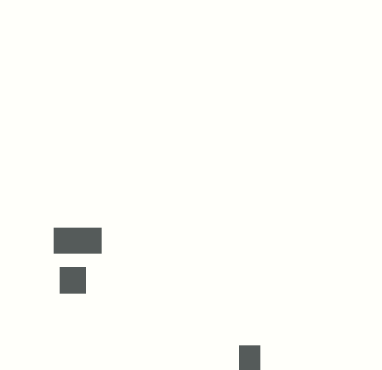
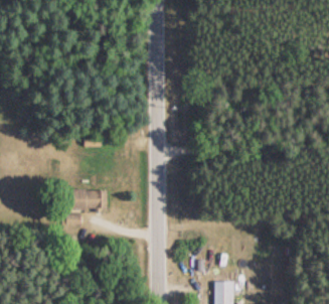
building: [59,266,87,294] -> none

